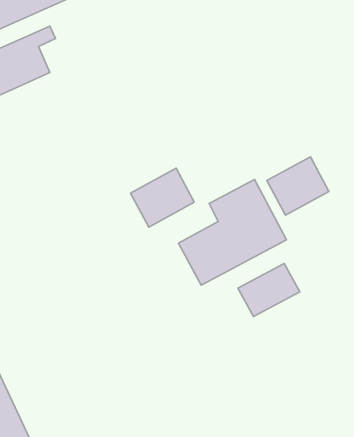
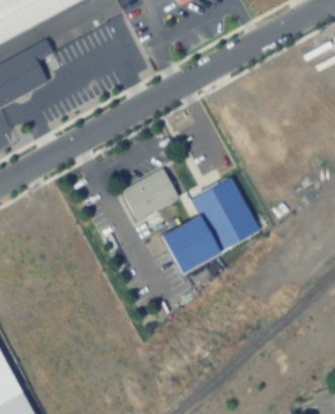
building: [267,157,329,215] -> none
building: [238,264,300,316] -> none

